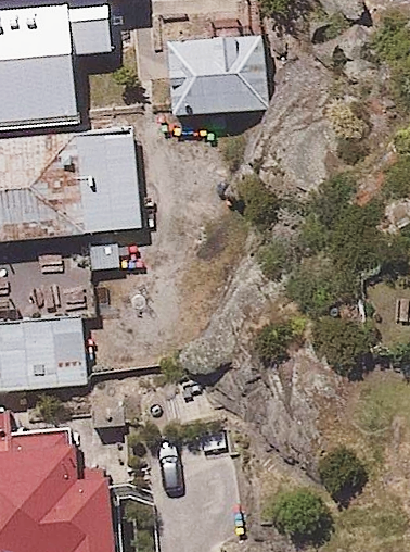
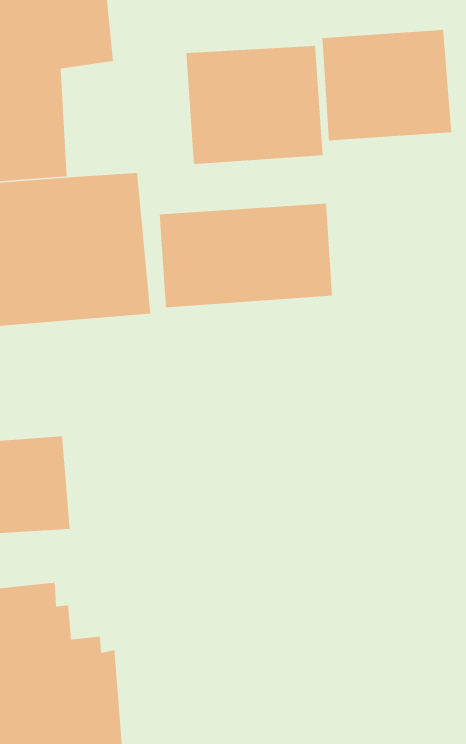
building: none -> [322,29,452,141]
building: none -> [159,203,333,308]

